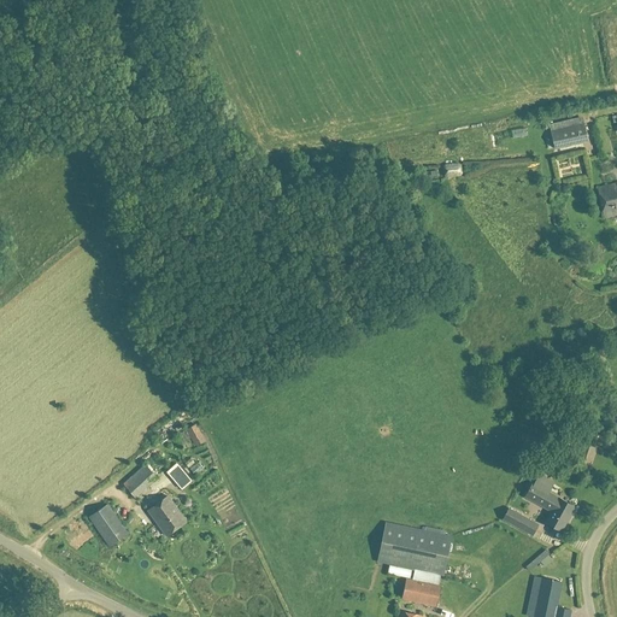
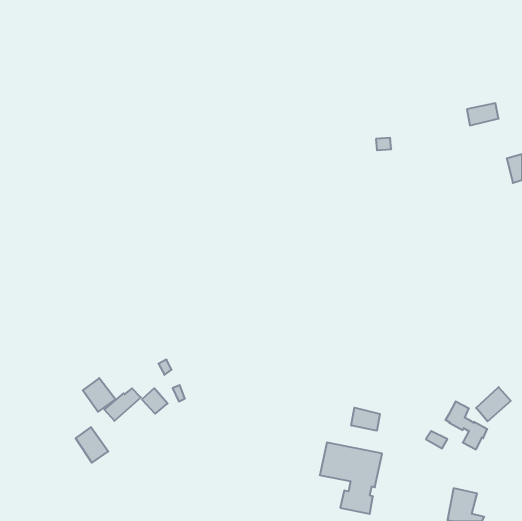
building: none -> [476,387,511,421]
building: none -> [351,408,380,431]
building: [148,495,187,535] -> [83,378,115,412]

